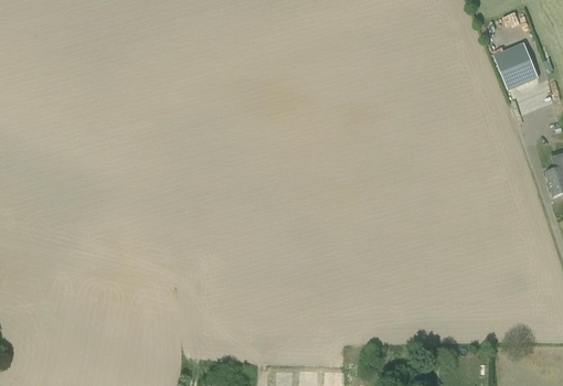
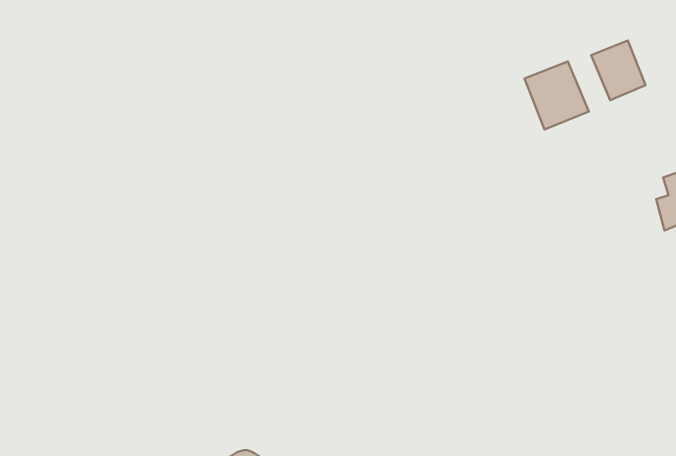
building: none -> [525,62,589,129]

